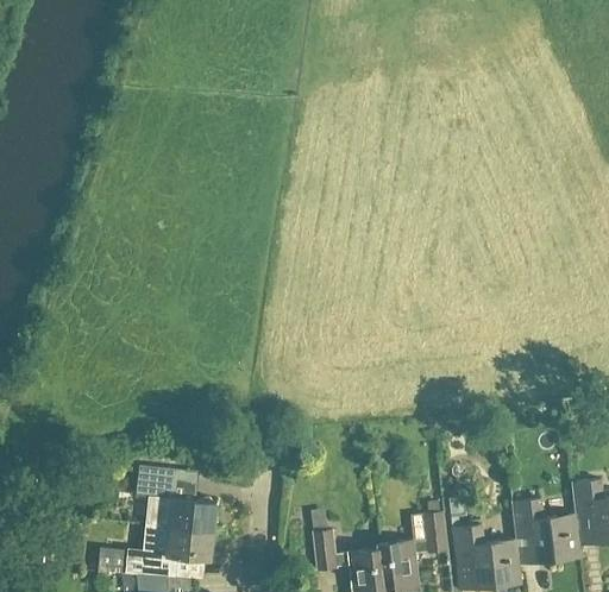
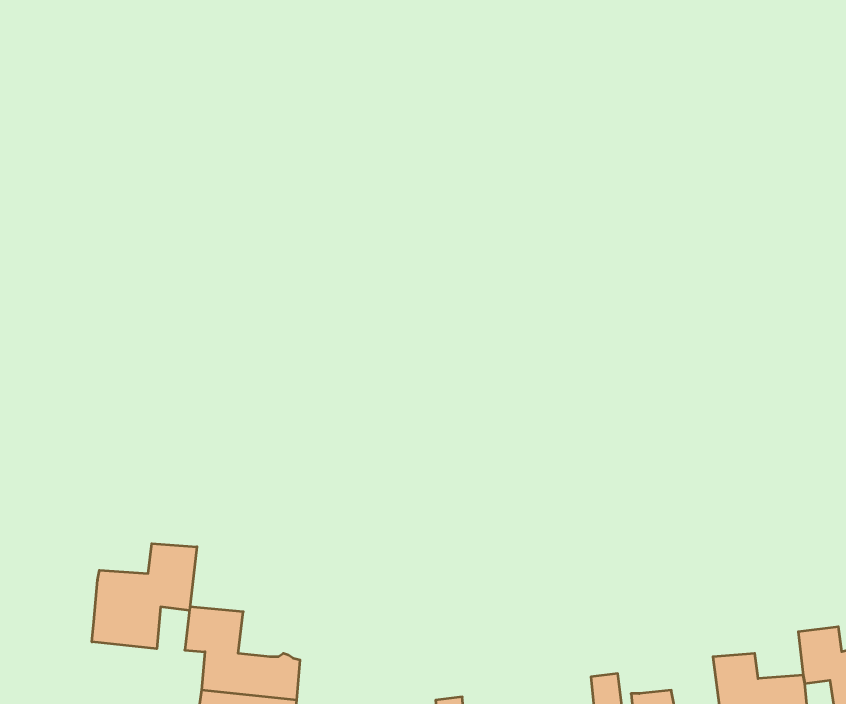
building: none -> [92,544,197,649]

